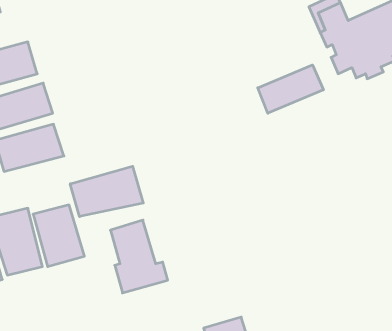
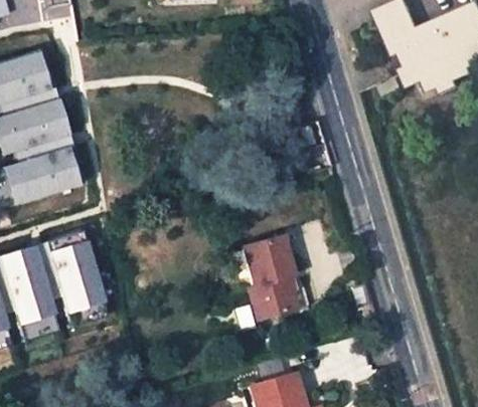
building: [258,65,323,113] -> none
building: [70,166,143,217] -> none
building: [110,220,168,293] -> [241,236,308,322]

